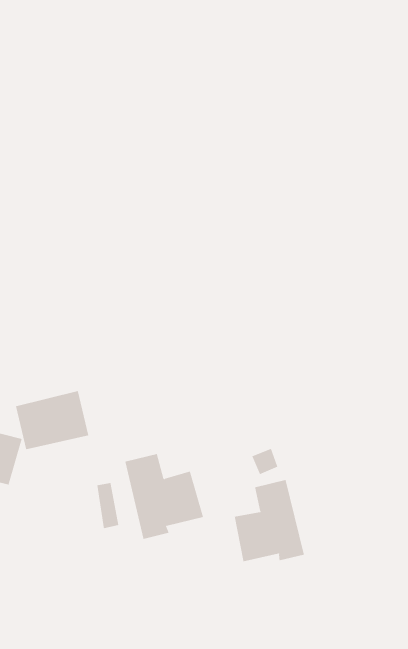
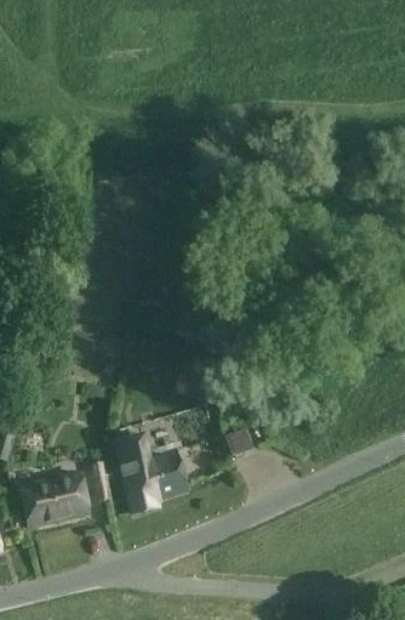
building: [15,390,89,450] -> [19,473,87,528]
building: [234,479,304,562] -> none

